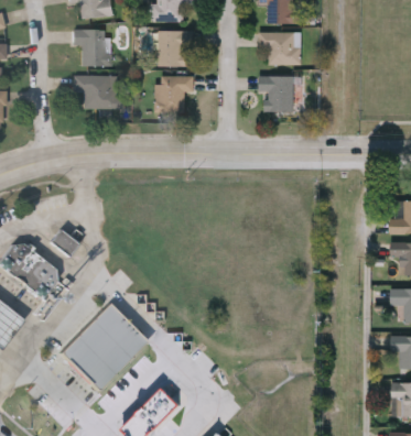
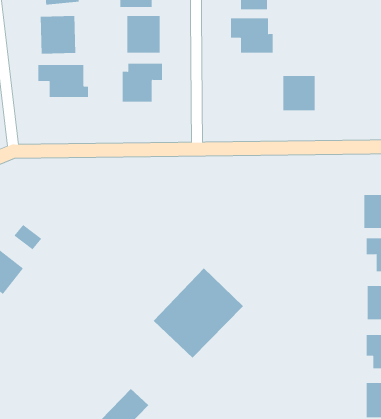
building: [262,76,294,110] -> [282,75,315,111]
building: [61,304,149,392] -> [153,267,244,359]

